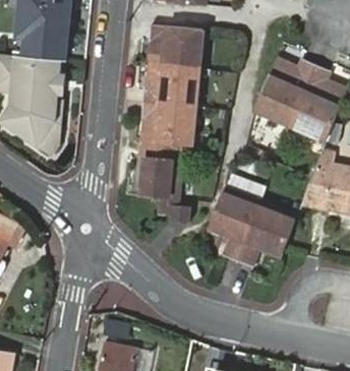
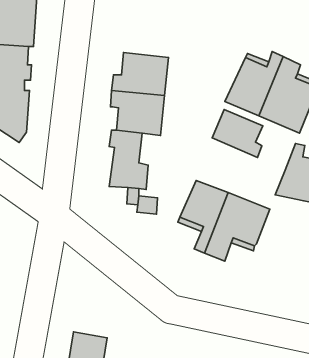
building: [148,25,201,69] -> none
building: none -> [212,110,263,157]

